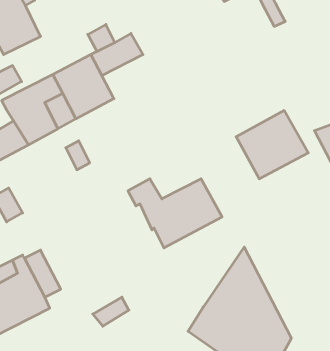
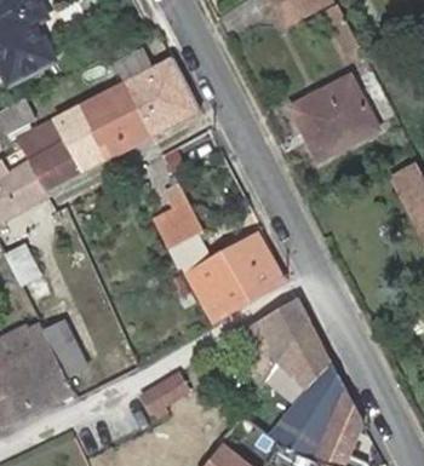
building: none -> [136,84,200,137]
building: [236,111,308,179] -> [290,76,377,159]
building: none -> [154,186,205,248]
building: none -> [247,300,308,389]

